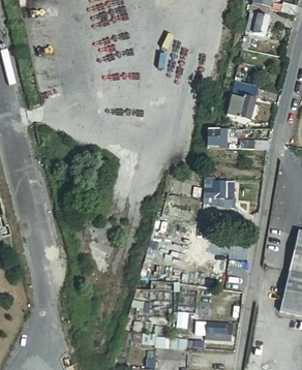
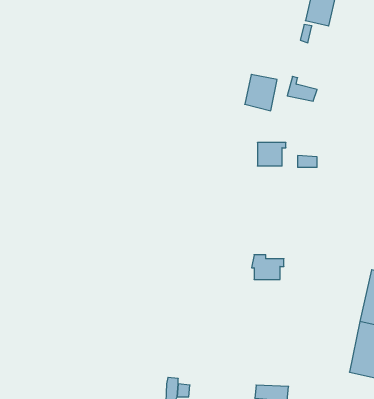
building: [226,91,252,120] -> [245,74,277,111]
building: [204,178,230,197] -> [252,255,284,279]

